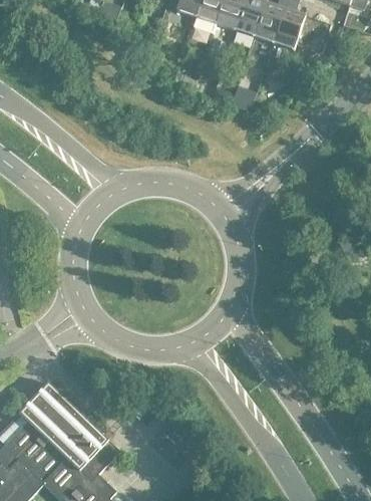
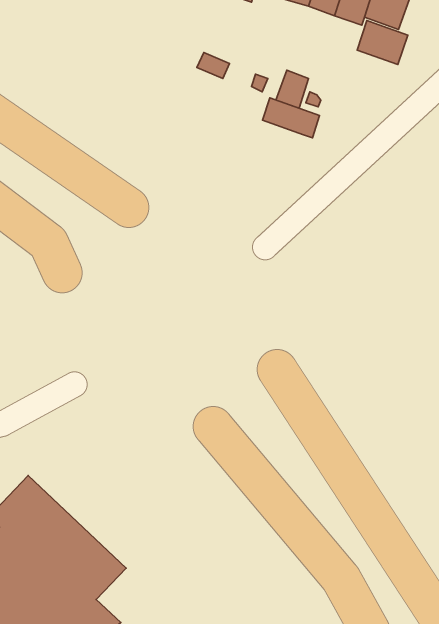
building: none -> [357,21,408,65]
building: none -> [263,98,320,138]

